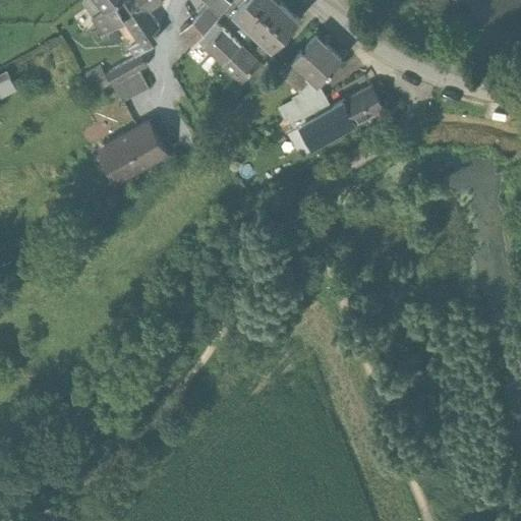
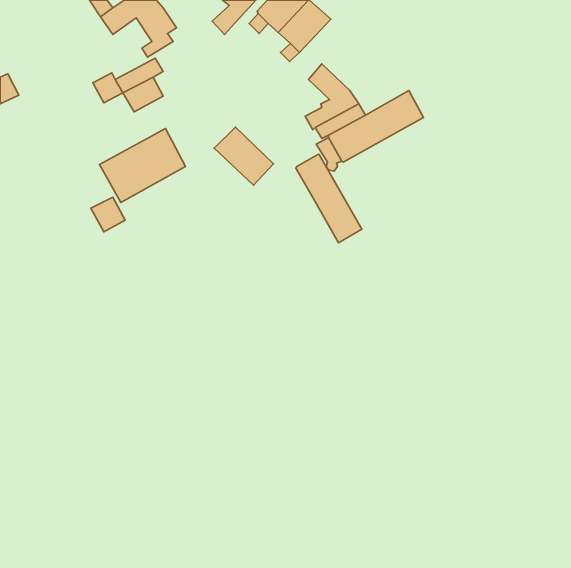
building: [205,30,258,82] -> [214,127,274,185]
building: [293,35,344,85] -> none
building: none -> [296,154,362,243]
building: none -> [91,197,125,232]

